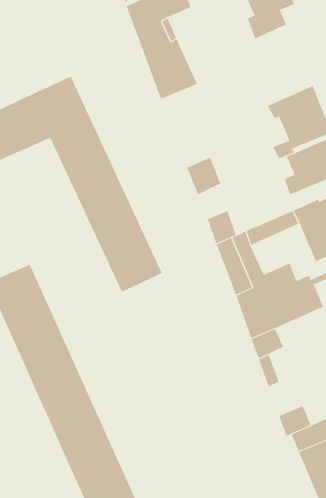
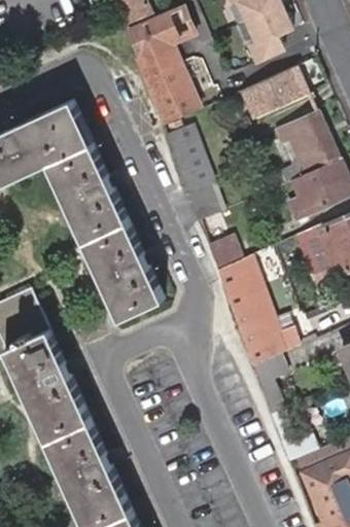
building: none -> [237,68,307,120]
building: none -> [167,128,215,192]

